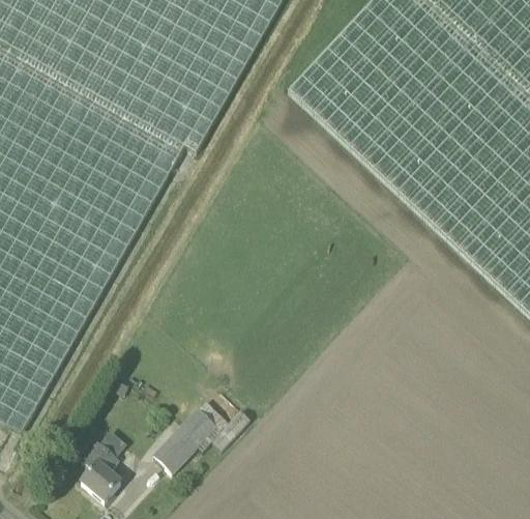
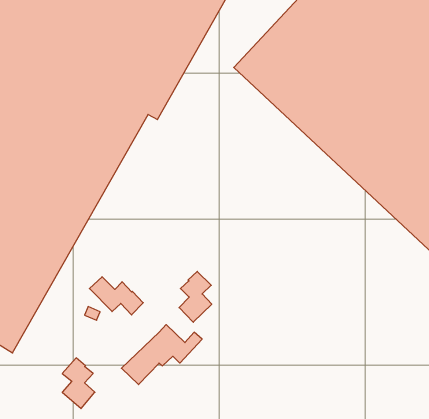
building: none -> [179,271,212,322]
building: none -> [89,277,143,315]

